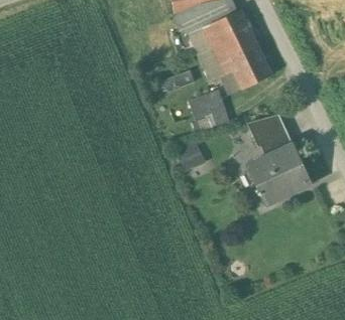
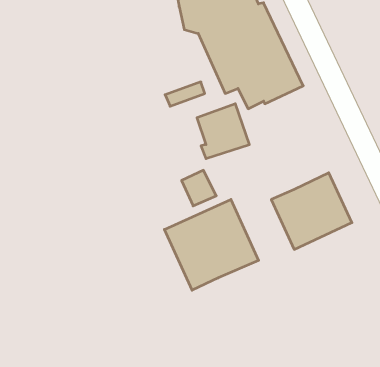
building: [246,114,292,156] -> none
building: none -> [164,199,259,290]

